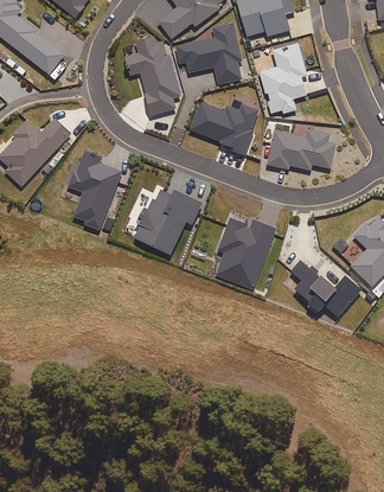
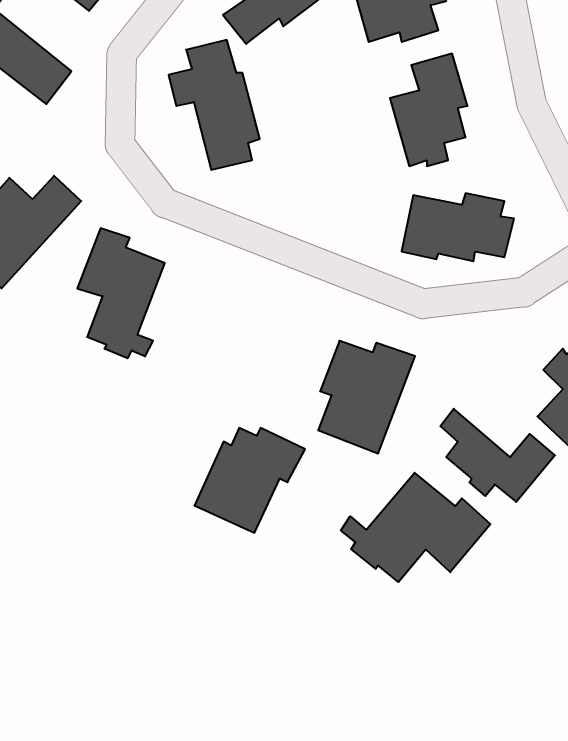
building: [175,23,241,83] -> none
building: [188,101,257,153] -> none
building: [135,190,203,254] -> [194,428,305,533]
building: none -> [341,473,490,582]

